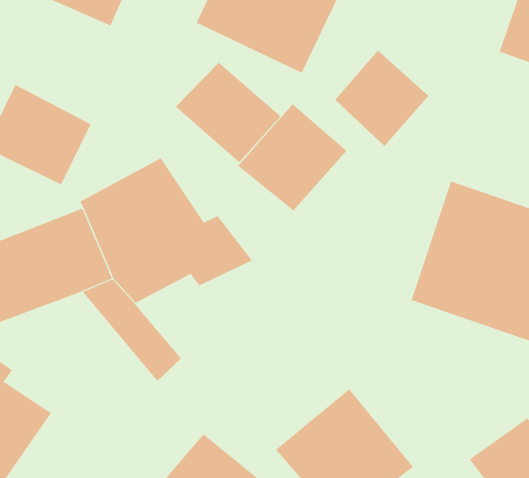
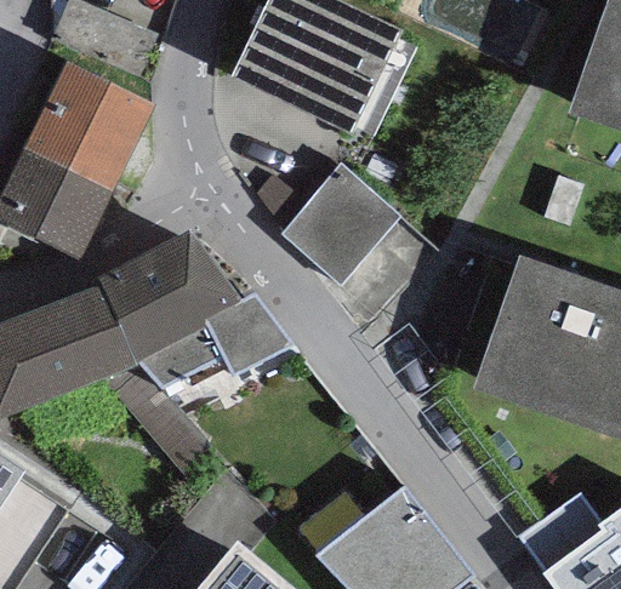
building: none -> [25,61,154,189]
building: [335,50,429,147] -> none
building: [175,62,281,163] -> none

